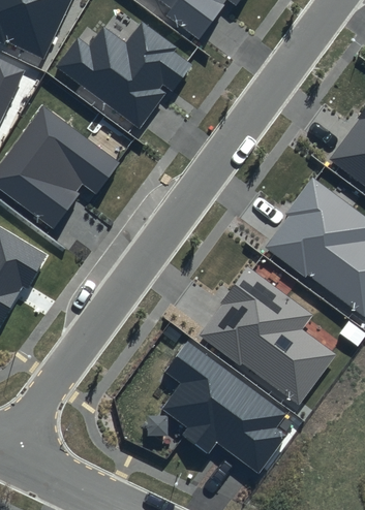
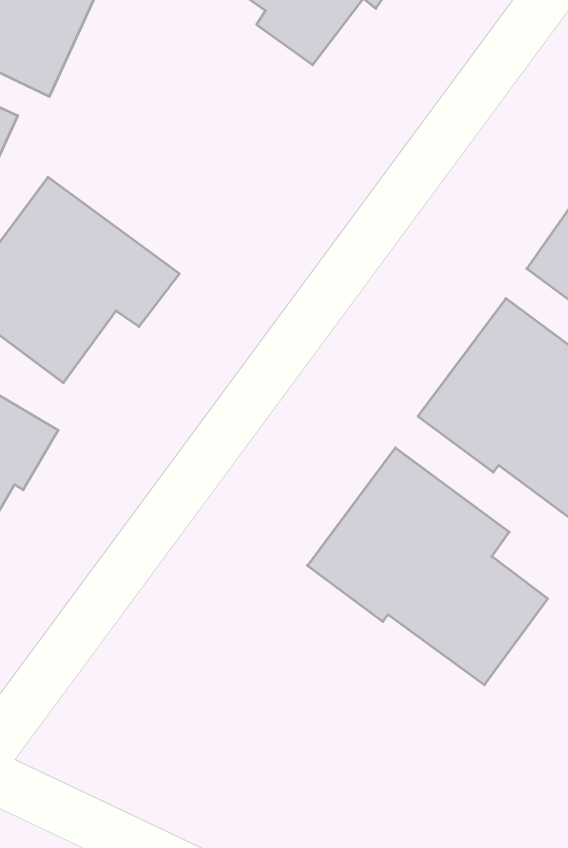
building: [54,23,192,130] -> none
building: [162,339,290,473] -> none

